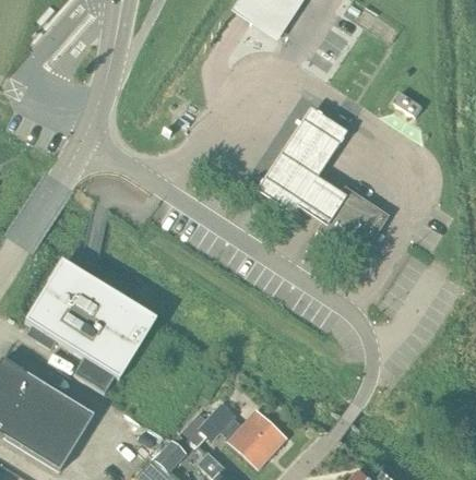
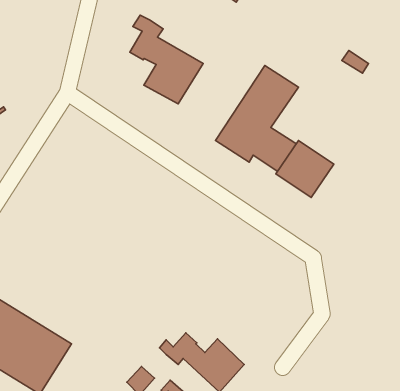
building: none -> [130,15,203,104]
building: [25,260,157,392] -> none

